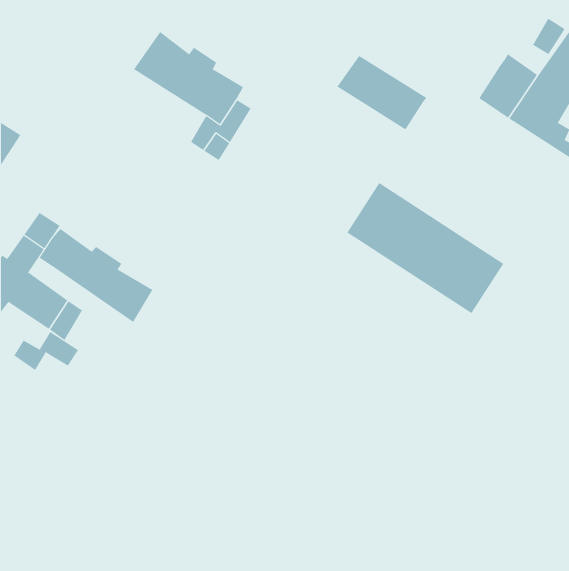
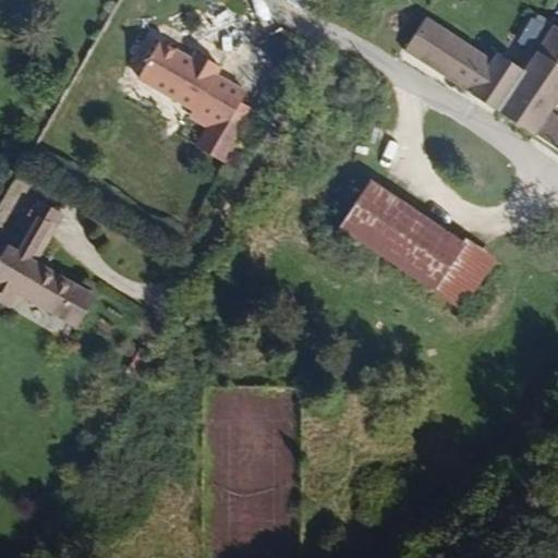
building: [337,55,427,130] -> [404,17,493,90]
building: [39,228,153,323] -> none
building: [14,331,79,371] -> none

